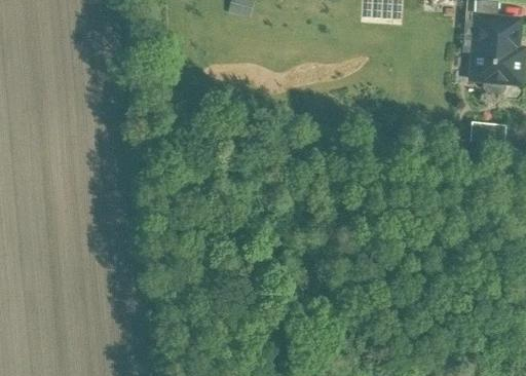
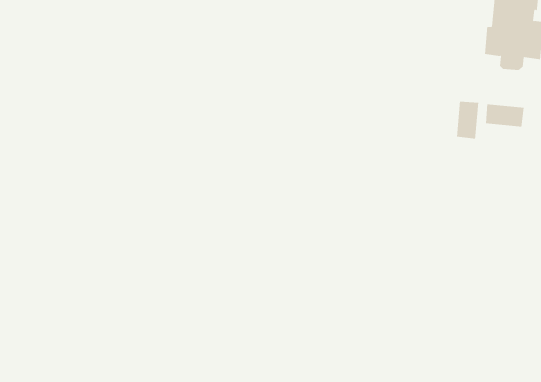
building: none -> [456,101,479,140]

